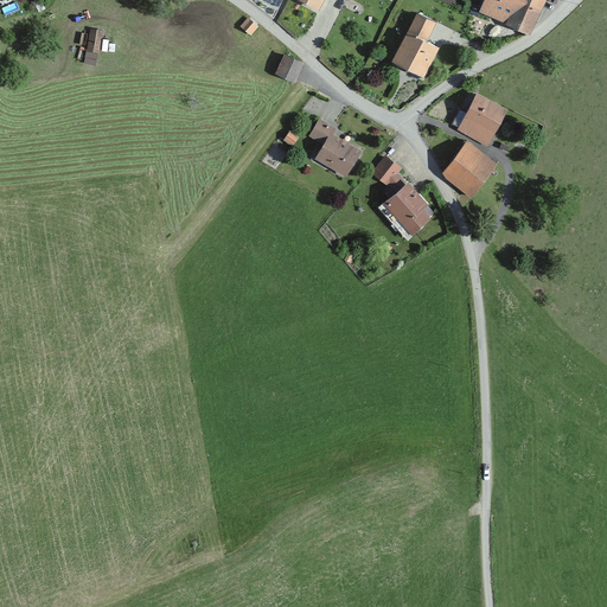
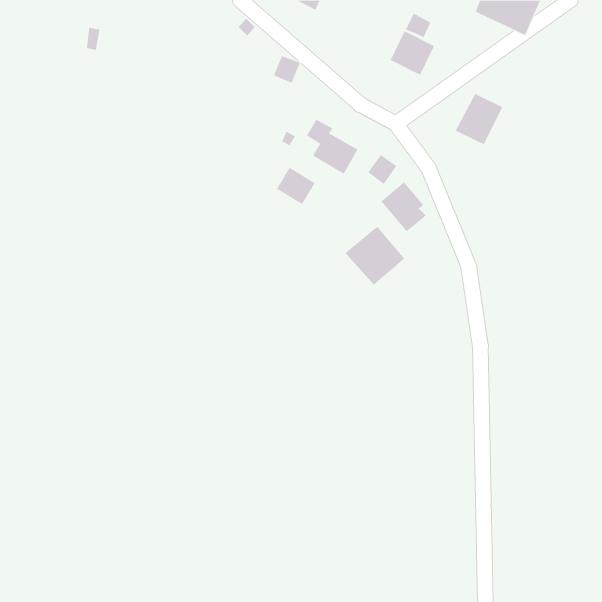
building: [440,141,496,197] -> none
building: none -> [276,167,315,205]
building: none -> [344,226,405,285]

